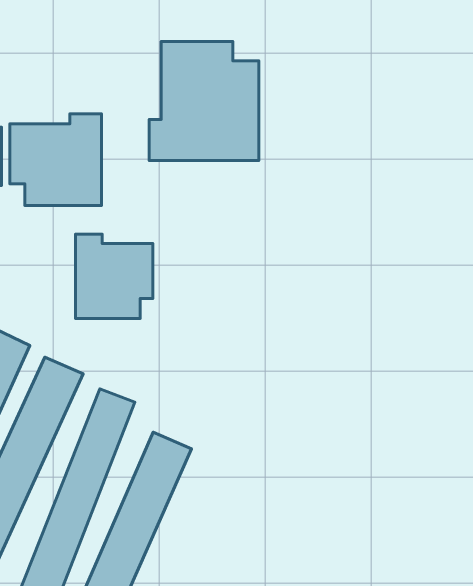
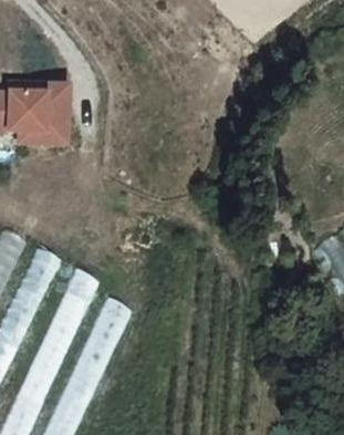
building: [149,41,259,160] -> none
building: [76,234,153,318] -> none

